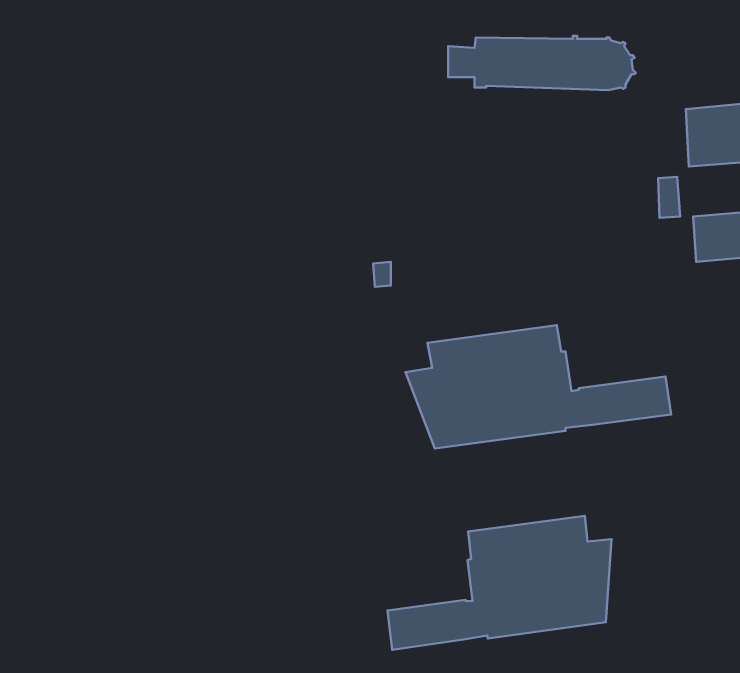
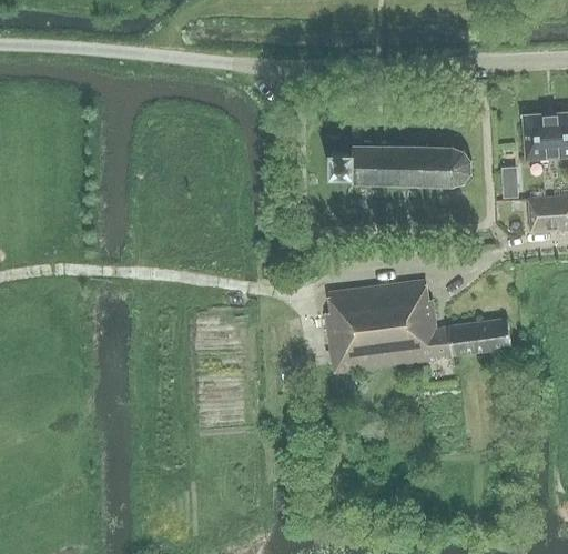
building: [448,36,636,90] -> [331,145,473,187]
building: [387,516,612,650] -> none

